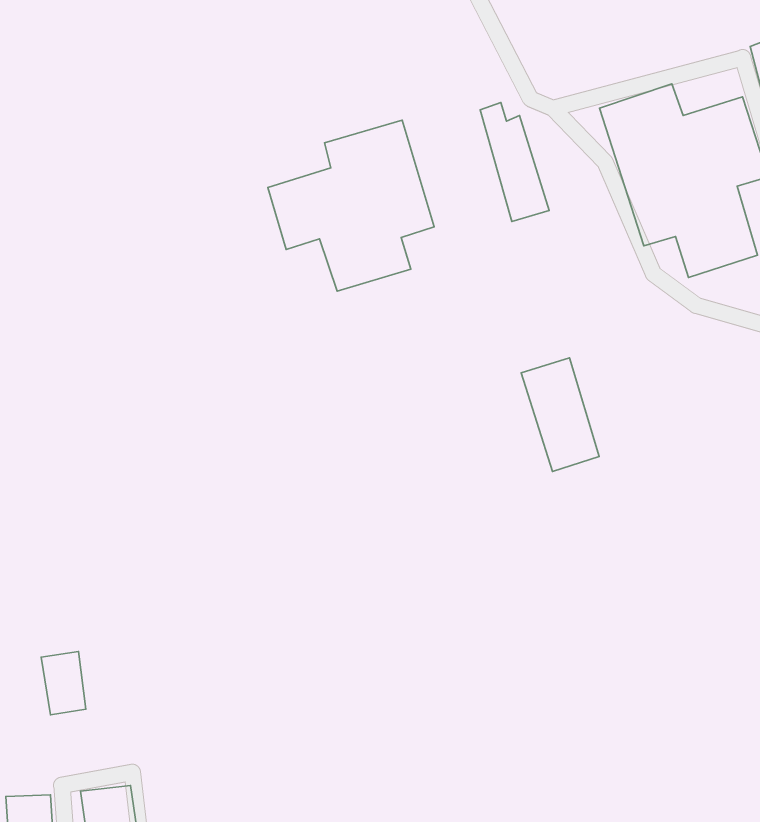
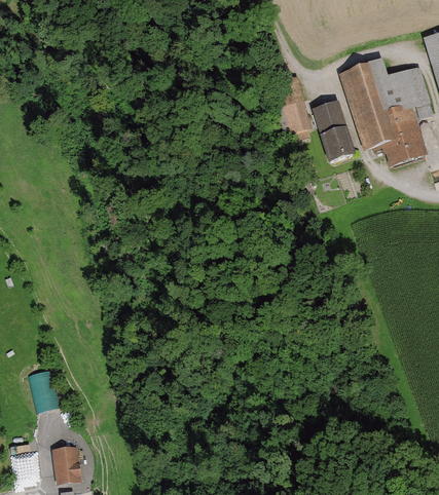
building: [268,120,434,291] -> none
building: [521,358,599,471] -> [310,98,354,160]

